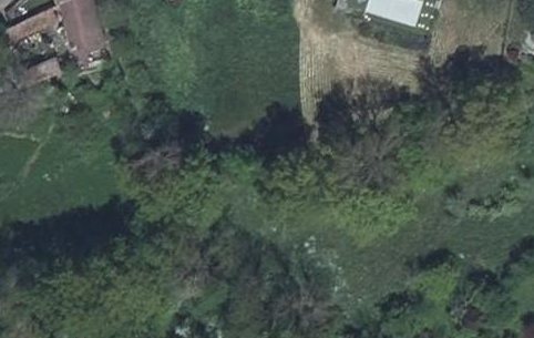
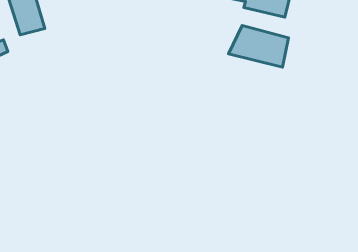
building: none -> [228,26,288,67]

